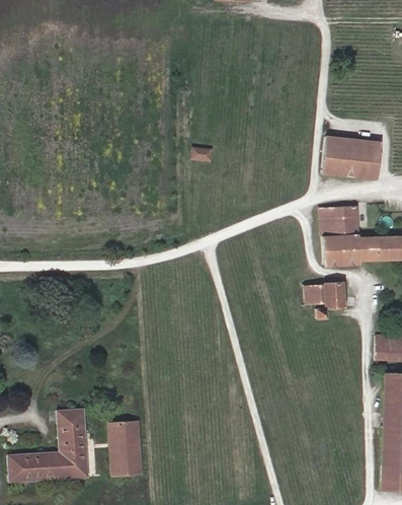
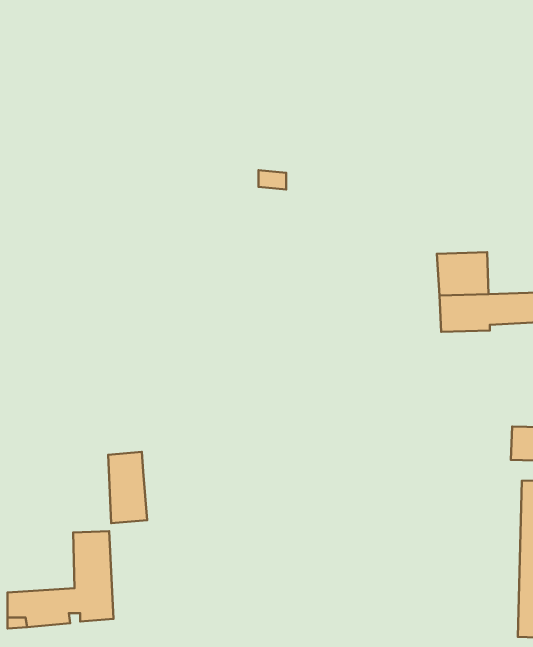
building: [322,136,380,177] -> none
building: [305,283,343,319] -> none
building: [111,420,140,472] -> [108,452,147,523]

